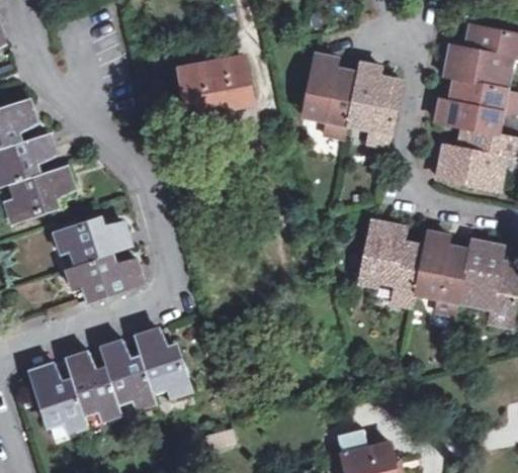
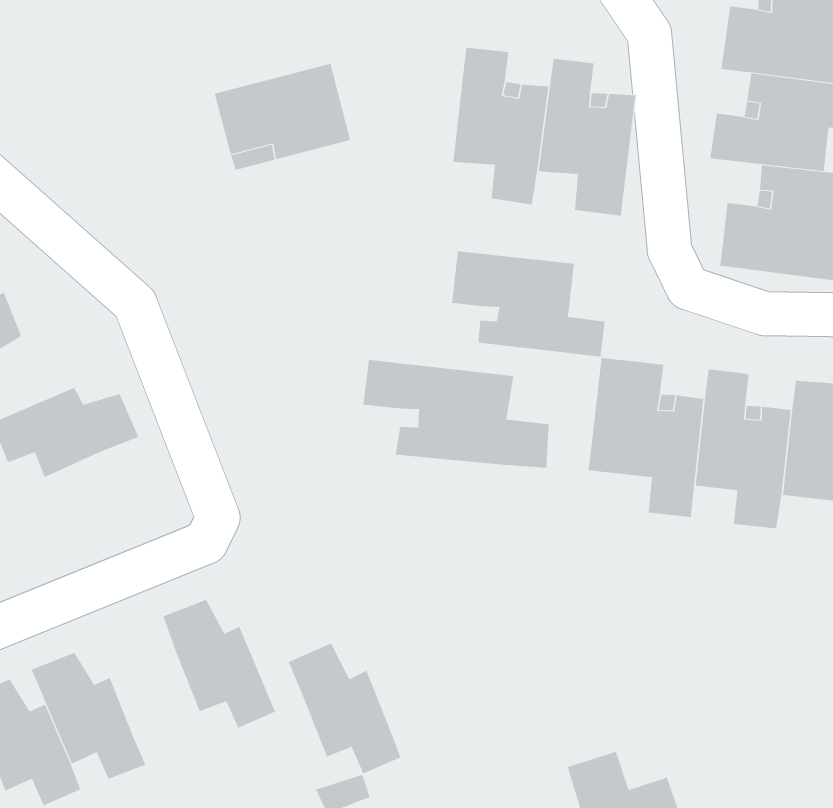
building: none -> [451,251,605,357]
building: none -> [363,359,549,469]
building: [65,251,143,297] -> none
building: [100,341,155,409] -> [288,643,401,774]

